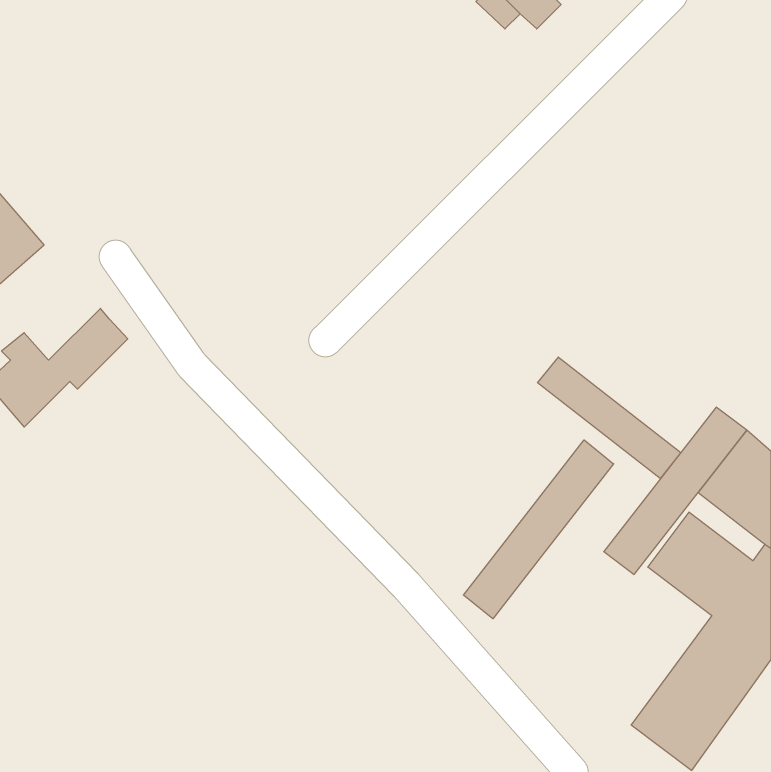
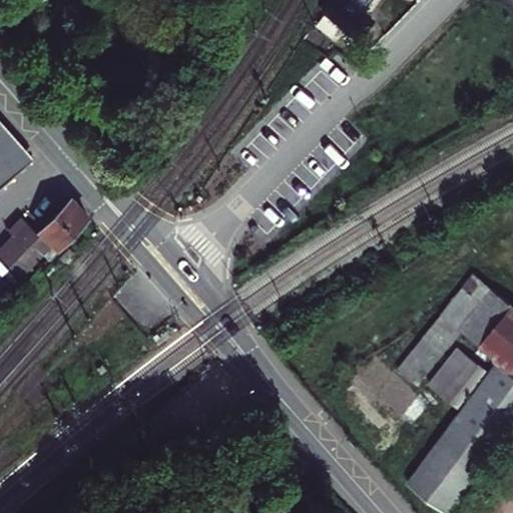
building: [538,357,681,478] -> none
building: [463,440,614,619] -> none

